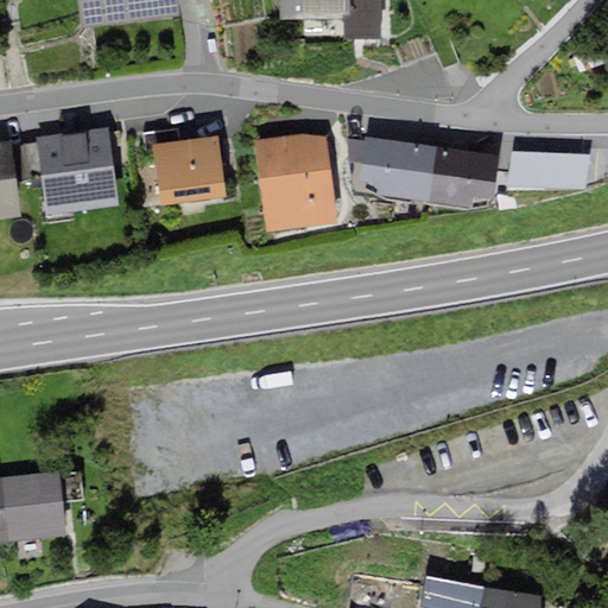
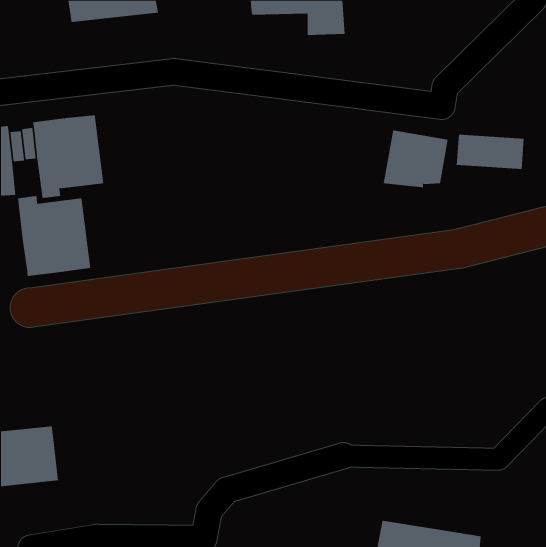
building: [145,128,226,202] -> none
building: [255,132,336,230] -> none
building: [349,135,437,204] -> none
building: none -> [17,195,91,277]

